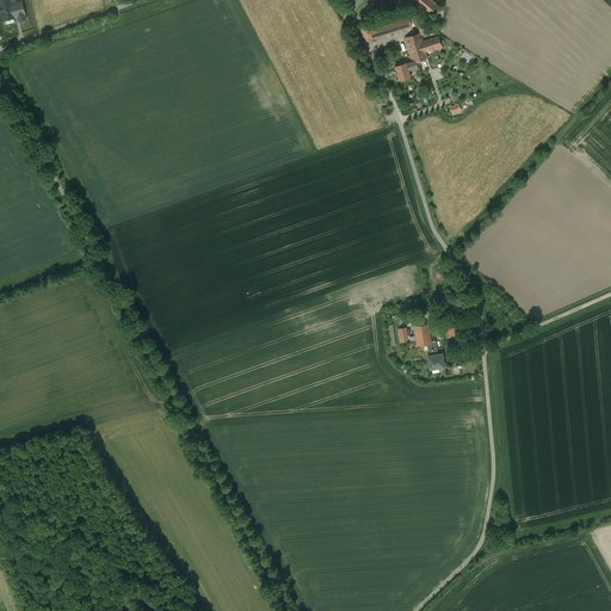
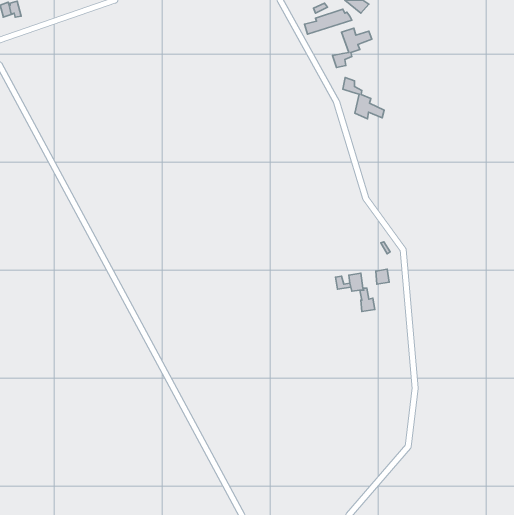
building: none -> [343,78,384,119]

